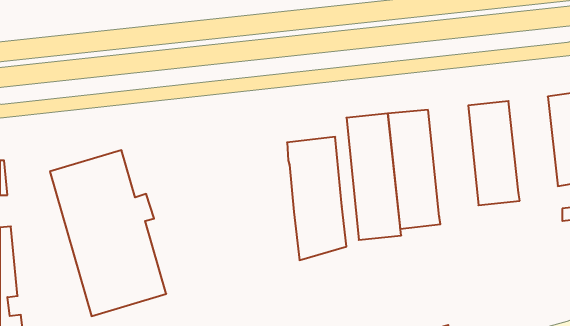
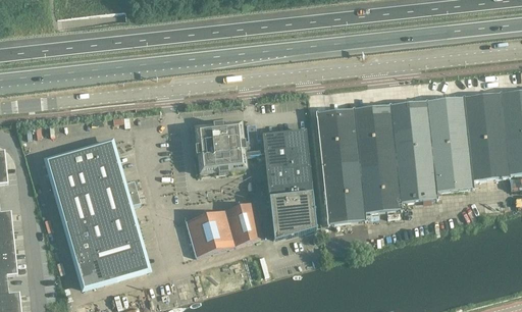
building: none -> [464,92,509,179]
building: none -> [390,100,437,201]
building: none -> [195,121,264,173]
building: none -> [186,200,264,255]

